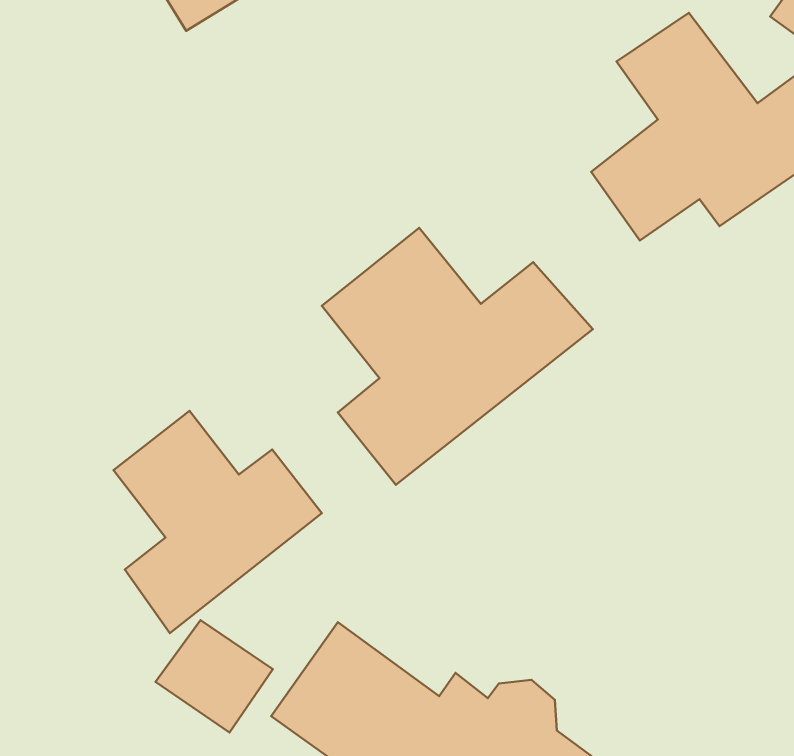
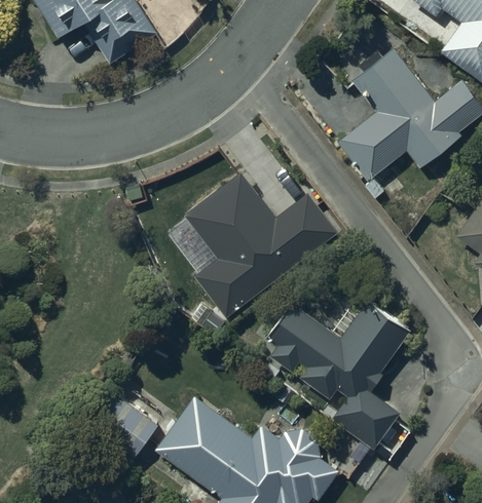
building: [114,411,322,633] -> none
building: none -> [268,301,409,448]

